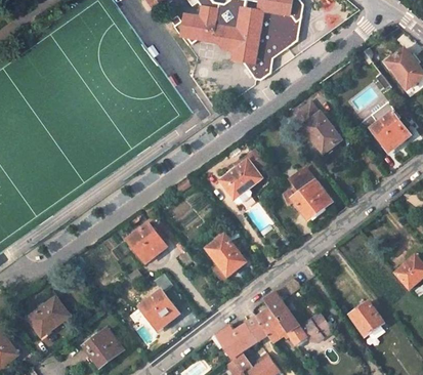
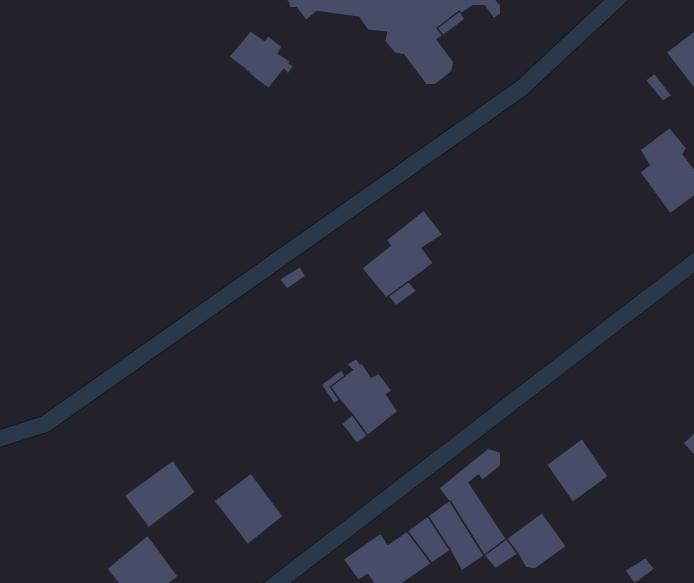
building: none -> [229,31,293,89]
building: [296,101,341,154] -> none
building: [283,170,331,219] -> none
building: [127,222,164,259] -> none
building: [29,296,68,333] -> [124,460,196,528]
building: [349,301,383,336] -> [546,439,608,502]

